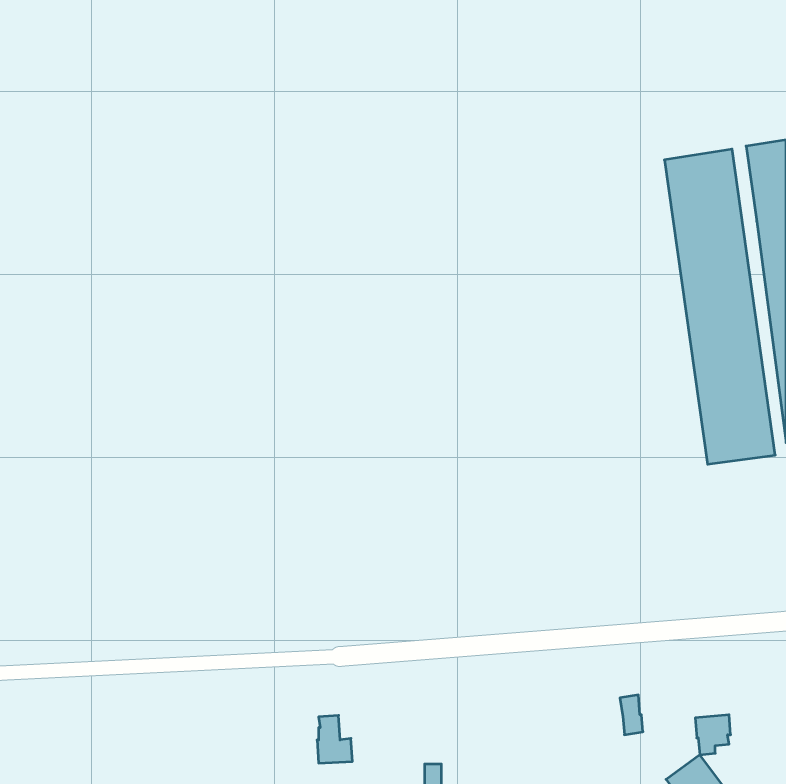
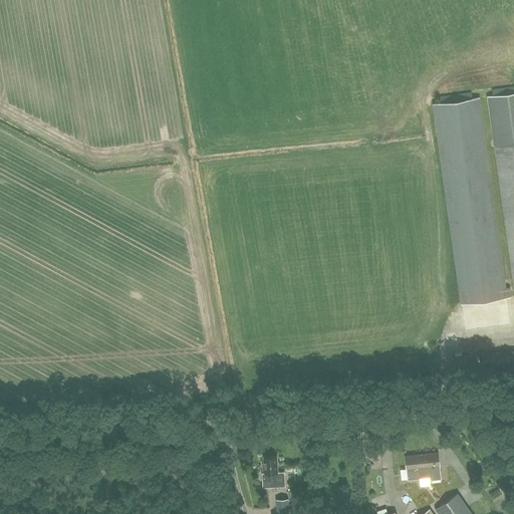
building: [695,715,731,755] -> [417,453,440,479]
building: [317,715,352,763] -> [262,457,285,488]

